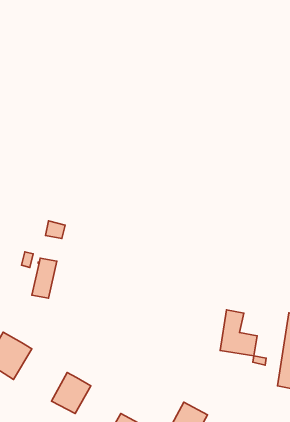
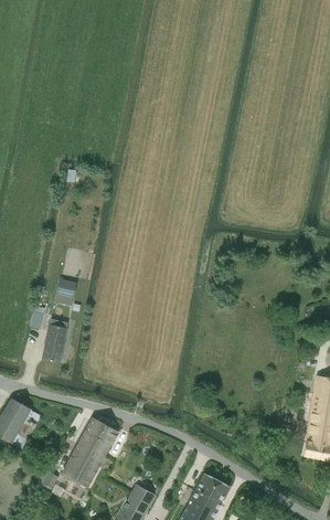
building: [220,310,257,356] -> none
building: none -> [79,416,118,455]

